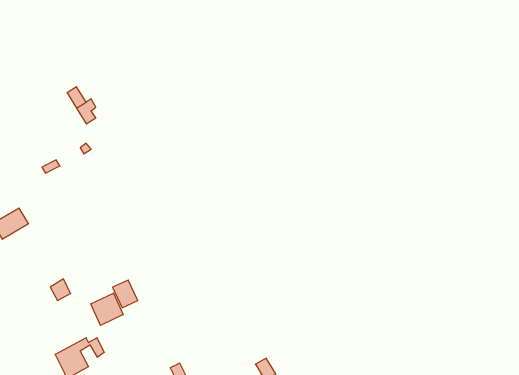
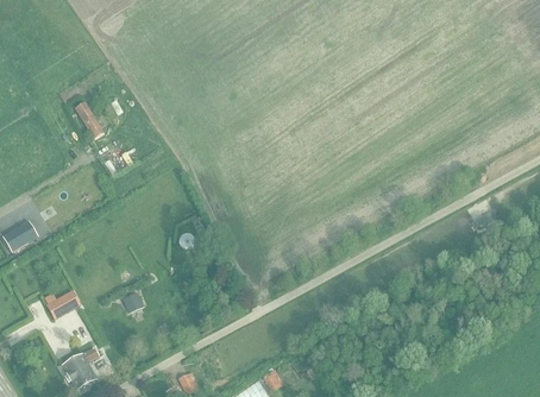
building: [91,293,123,325] -> none

